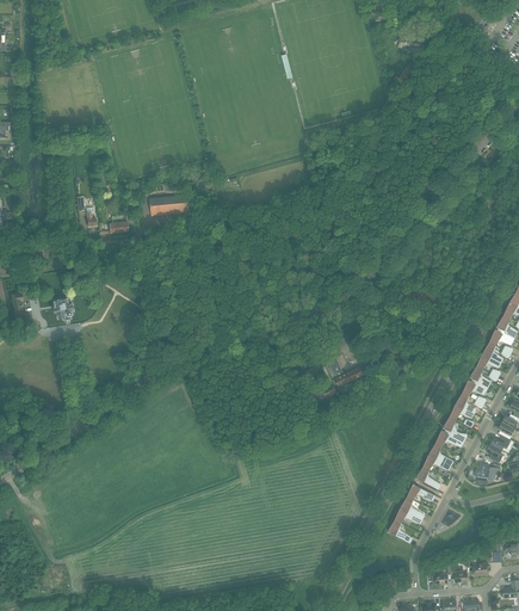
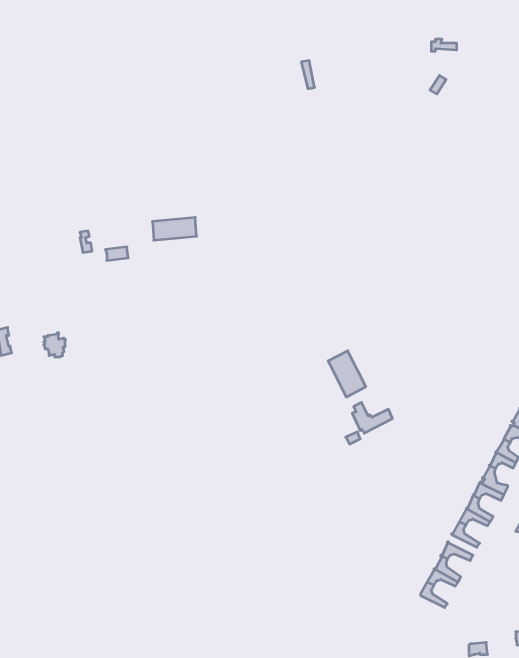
building: none -> [328,351,366,397]

